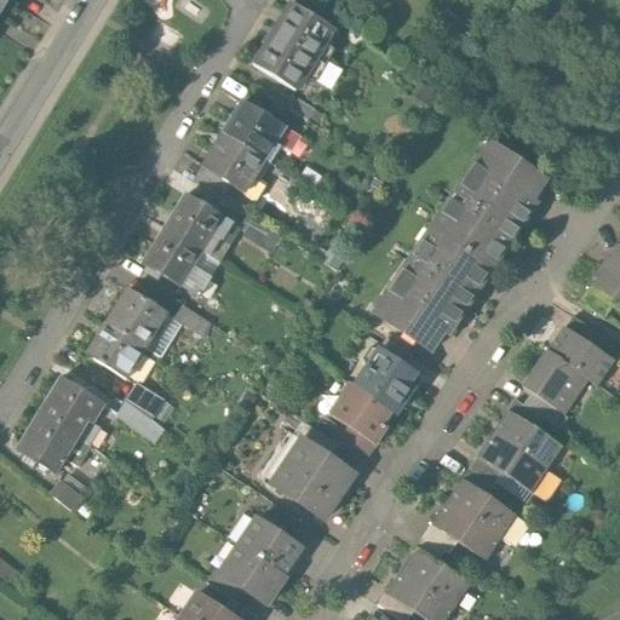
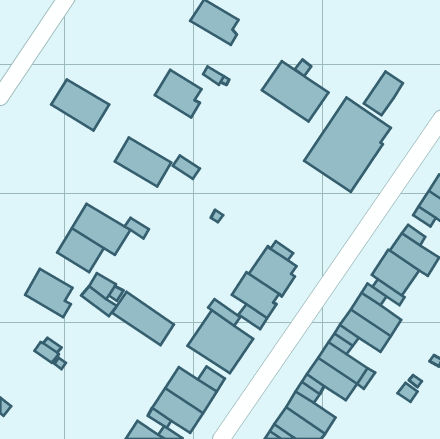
building: [251,29,326,90] -> none
building: none -> [262,61,329,122]
building: none -> [364,72,403,115]
building: [201,133,270,191] -> none
building: [368,225,494,355] -> none
building: [142,226,223,298] -> [51,79,109,130]
building: none -> [112,292,174,345]
building: [16,413,91,472] -> none

